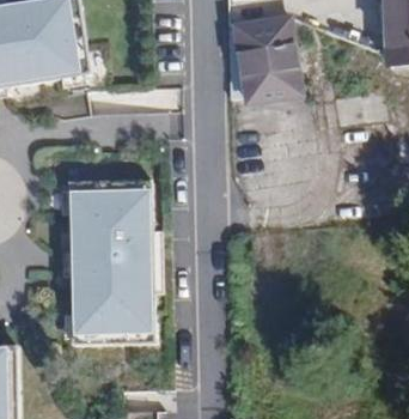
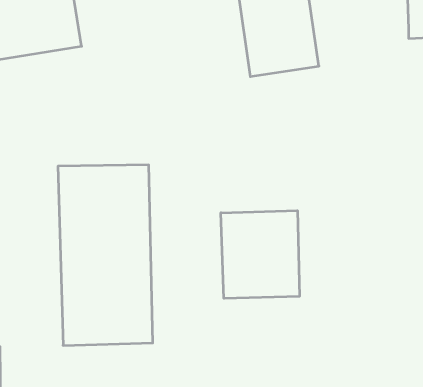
building: none -> [221,211,299,298]

